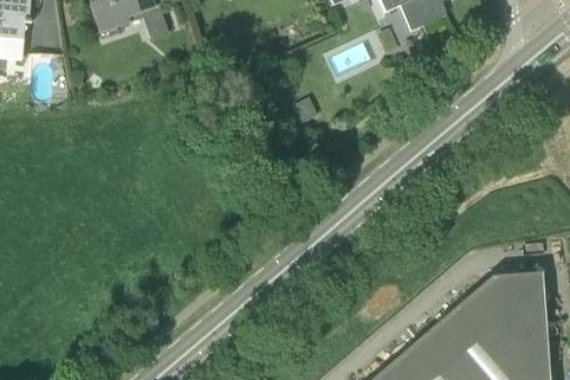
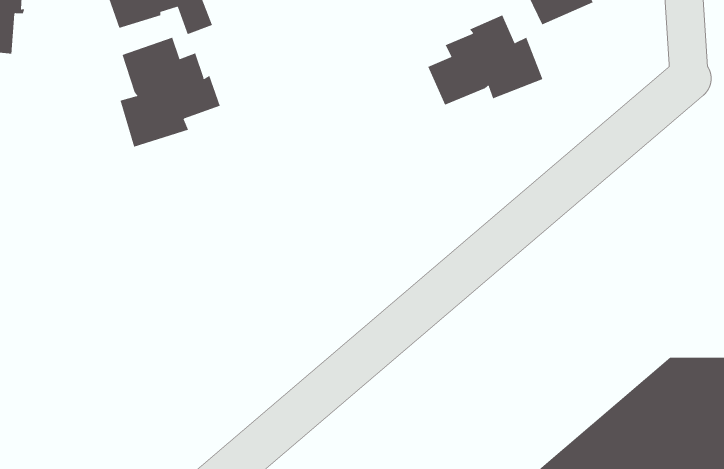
building: none -> [428,15,543,106]
building: none -> [120,37,221,148]

